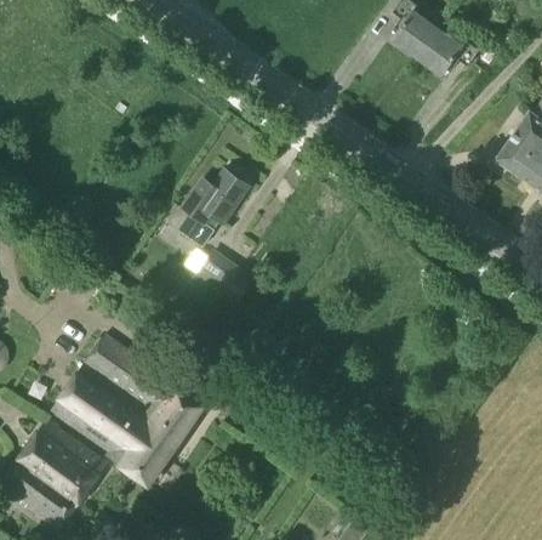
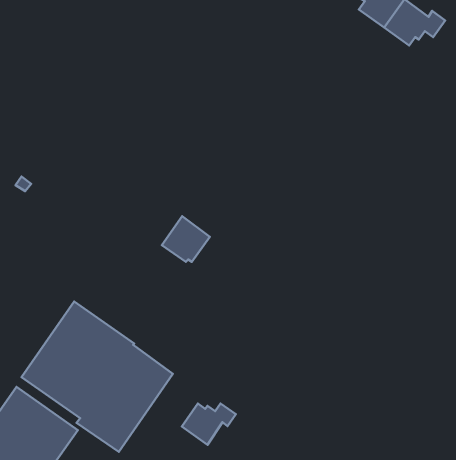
building: [178,169,250,246] -> none
building: none -> [182,403,236,445]

